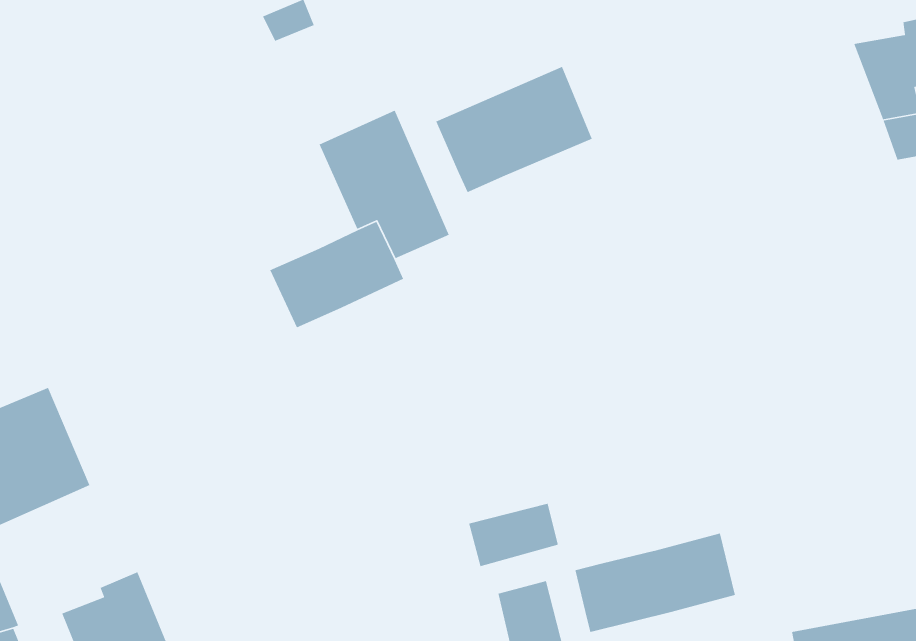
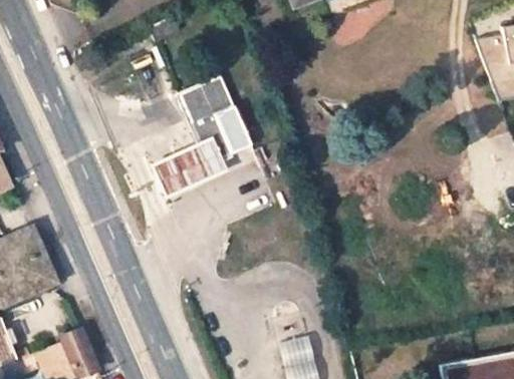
building: [435,66,593,193] -> none
building: [468,503,559,567] -> none
building: [575,533,736,633] -> none

